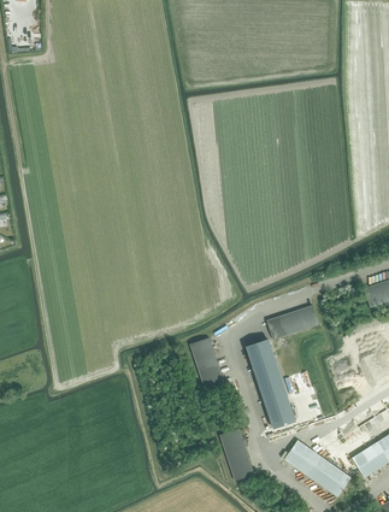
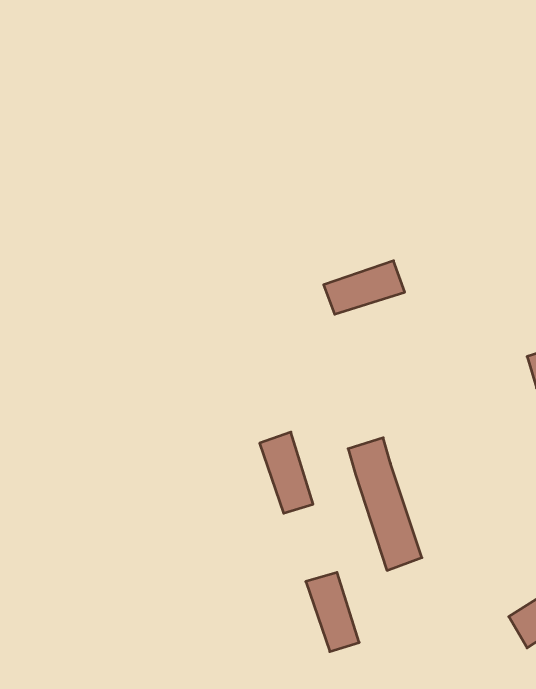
building: [266,304,319,339] -> [324,261,405,314]
building: [284,439,352,496] -> none

